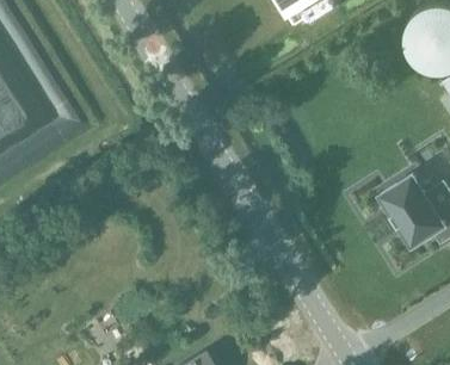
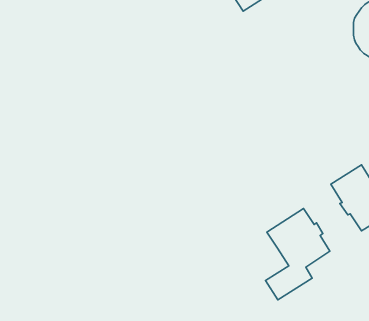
building: none -> [265,208,330,300]

